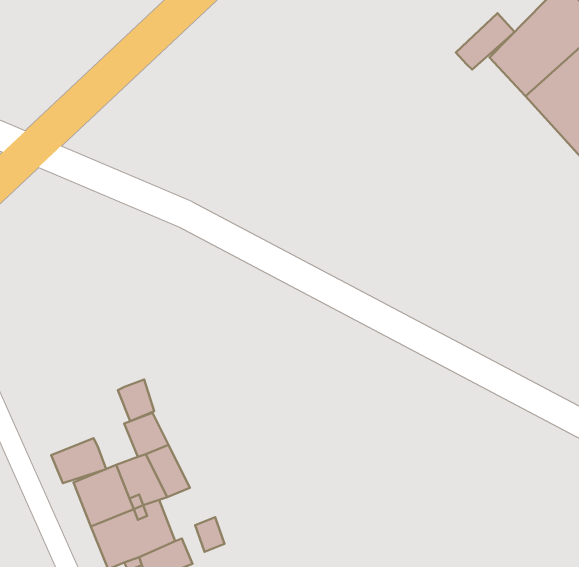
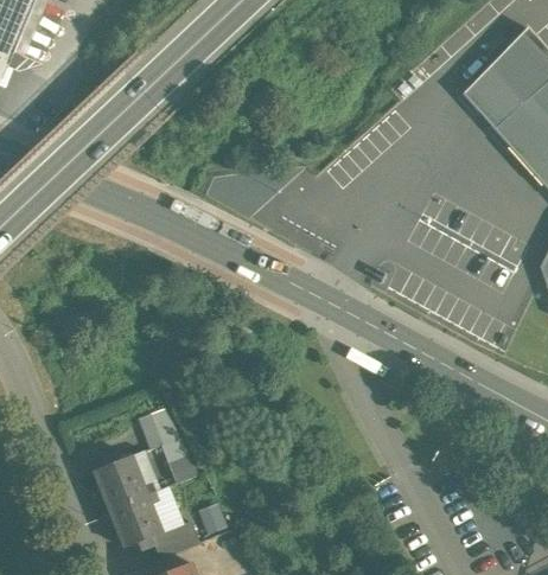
building: [456,13,514,69] -> none
building: [118,379,154,421] -> none
building: [51,438,106,483] -> none

